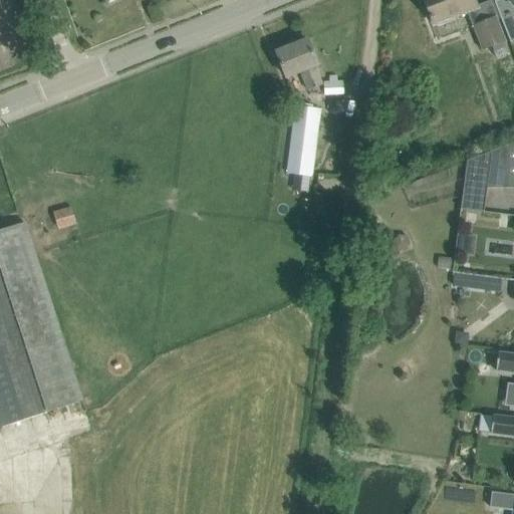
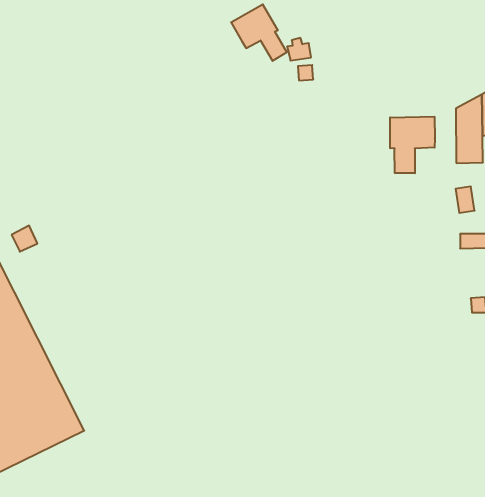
building: [287,105,319,176] -> none
building: none -> [390,117,435,173]

